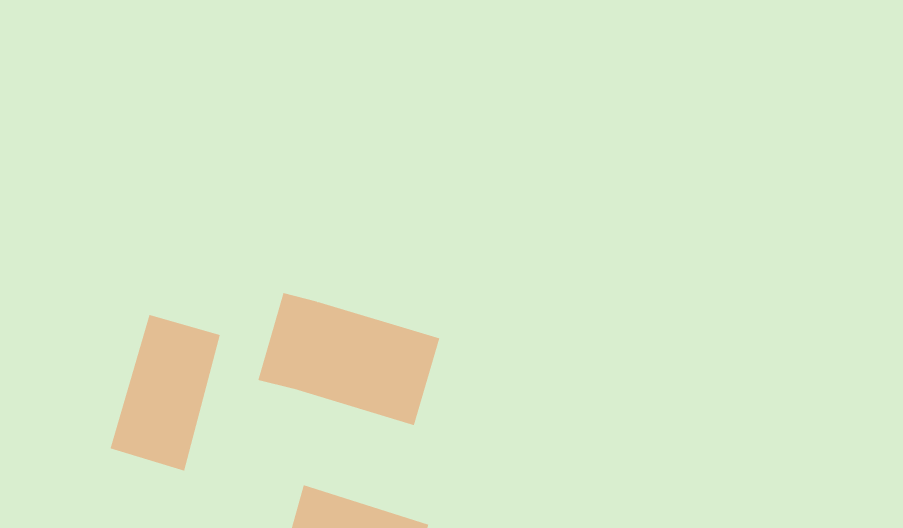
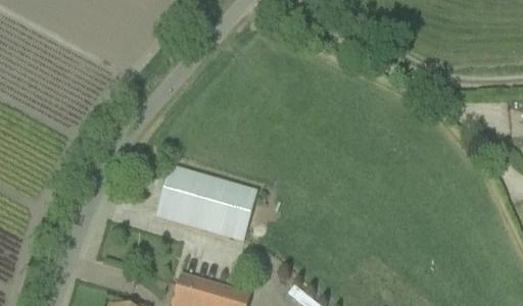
building: [110,314,220,472] -> none

